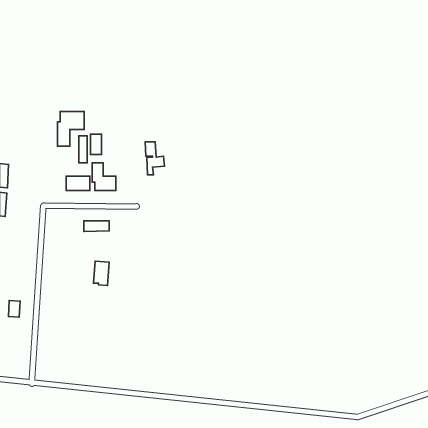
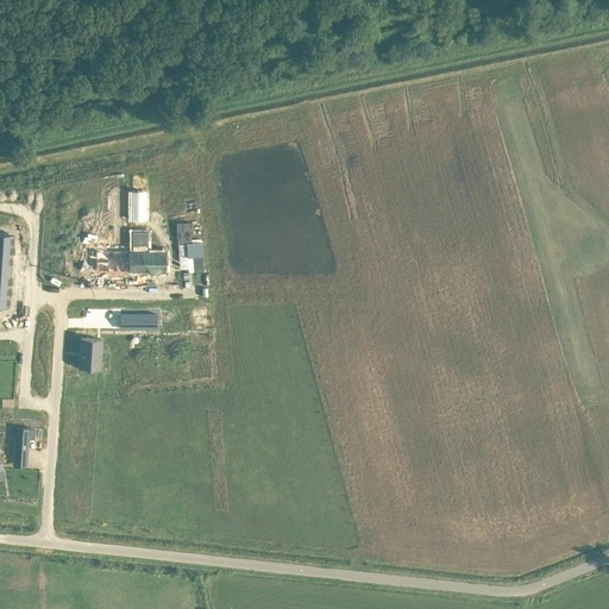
building: [57,111,84,146] -> none
building: [145,142,164,175] -> [175,222,202,269]
building: [93,261,109,286] -> [77,338,100,372]

